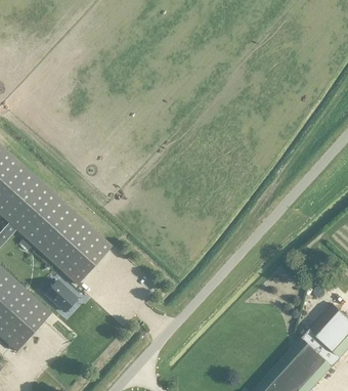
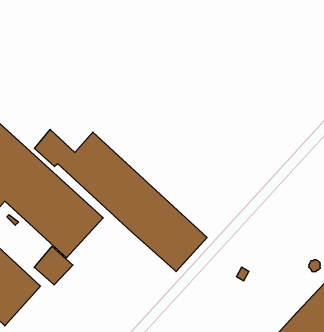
building: none -> [34,129,207,272]

